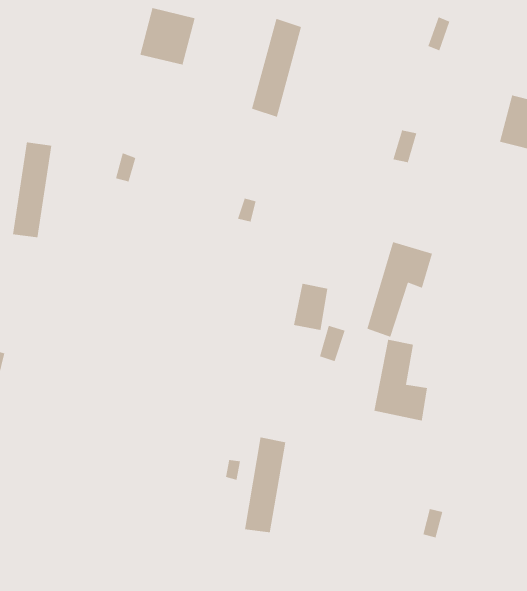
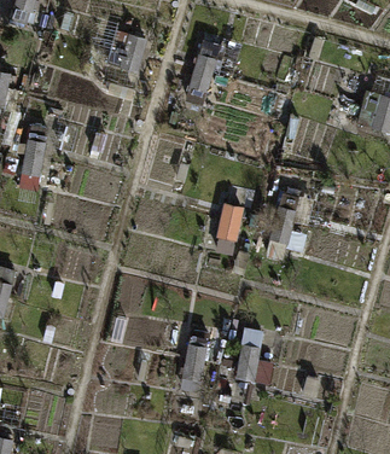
building: [374,339,428,421] -> [235,328,273,385]

